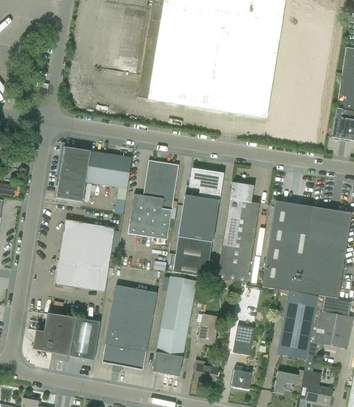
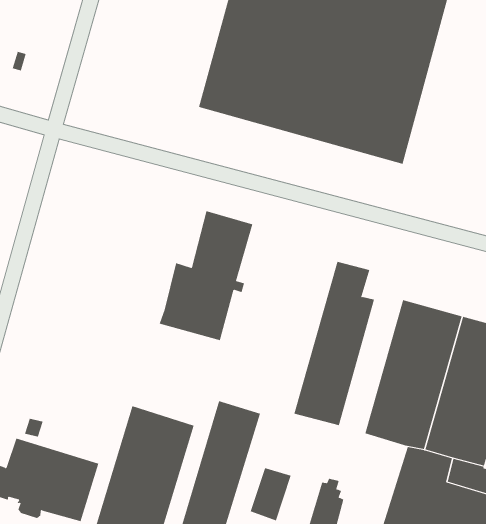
building: [56,146,132,201] -> none
building: [173,168,223,276] -> none
building: [56,219,115,291] -> none

